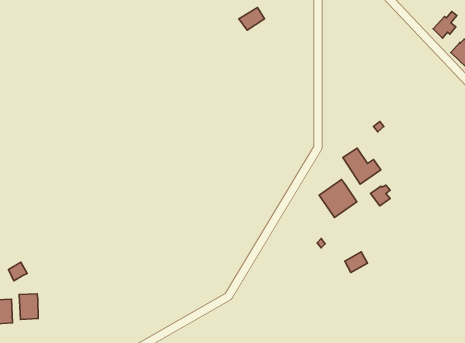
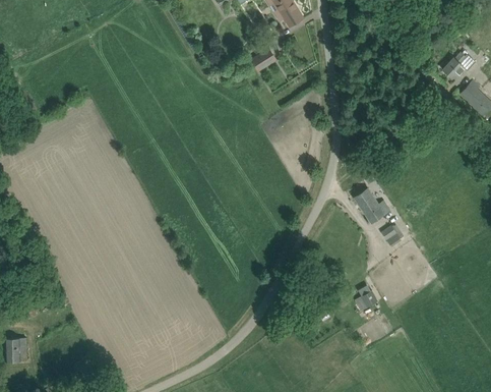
building: [319,180,357,217] -> none
building: [19,294,38,319] -> none

